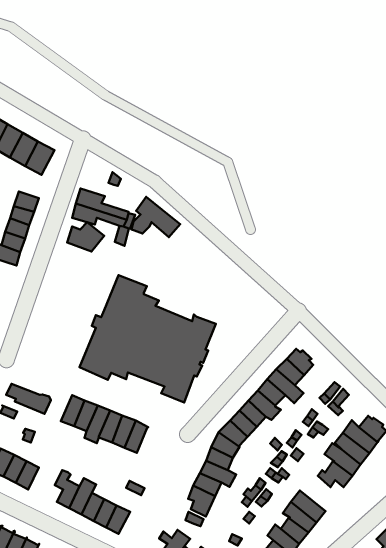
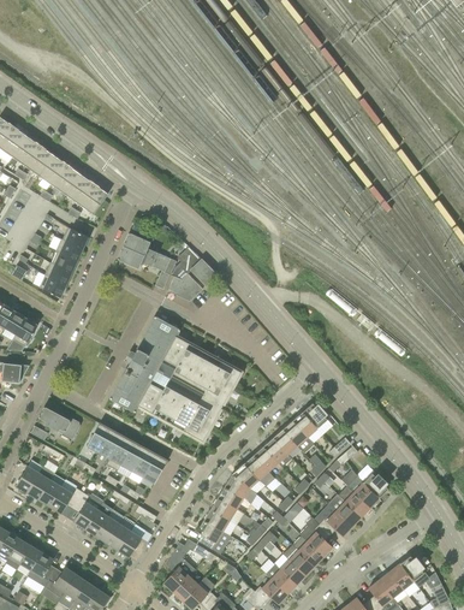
building: [67,222,104,252] -> [167,274,202,302]
building: none -> [48,479,84,514]
building: none -> [298,516,332,557]

